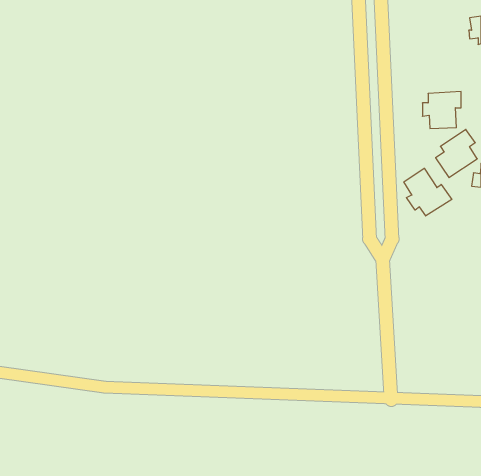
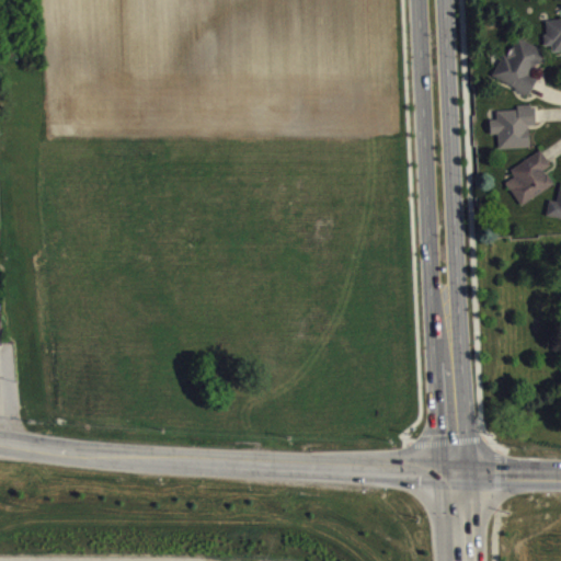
building: none -> [495,36,545,94]
building: [404,168,452,216] -> none

